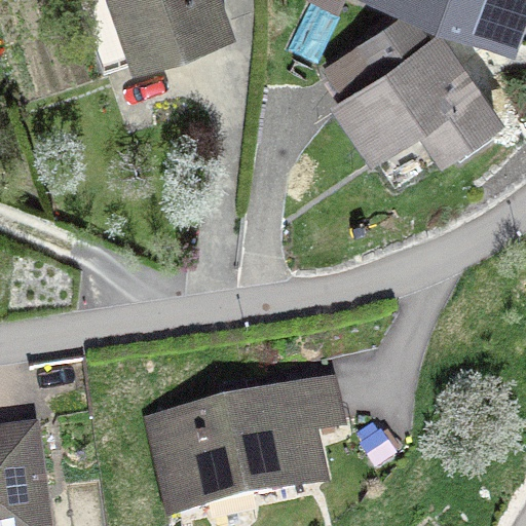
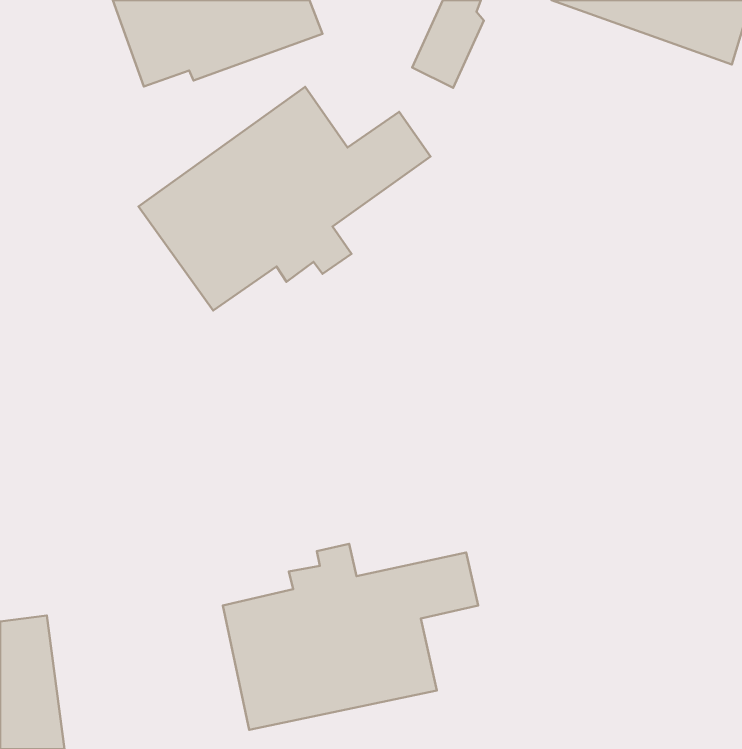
building: [332,12,496,151] -> none
building: none -> [139,87,430,311]

